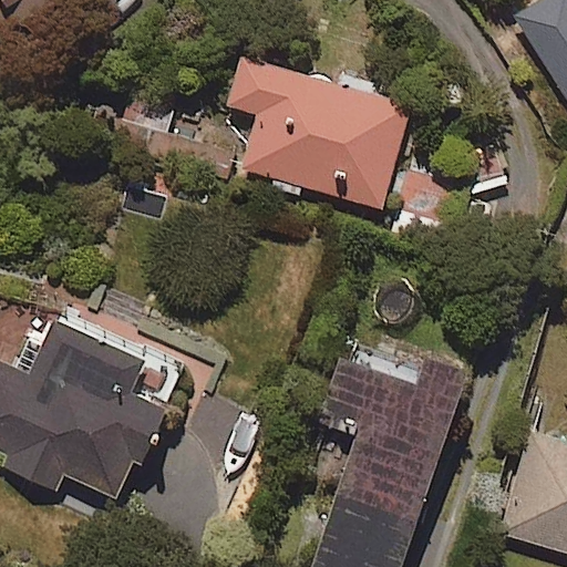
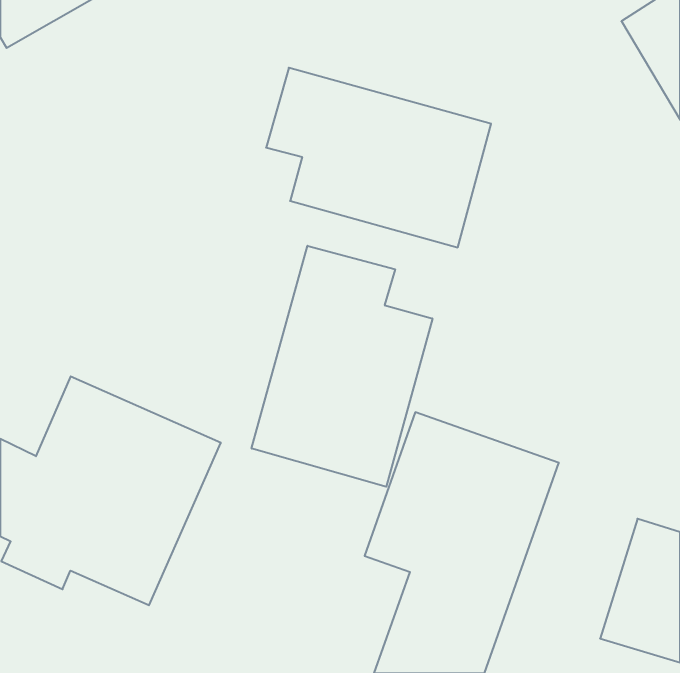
building: none -> [252,246,432,487]

